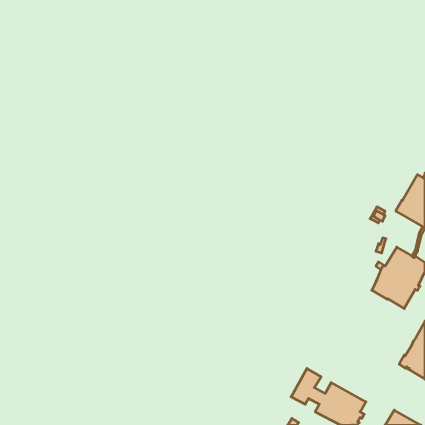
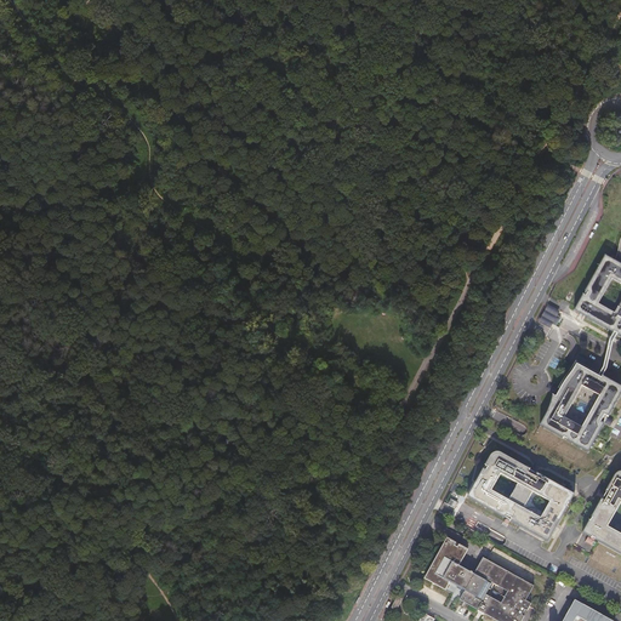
building: none -> [469,449,574,541]

